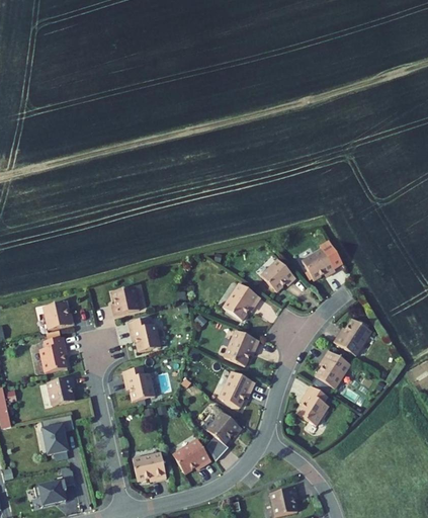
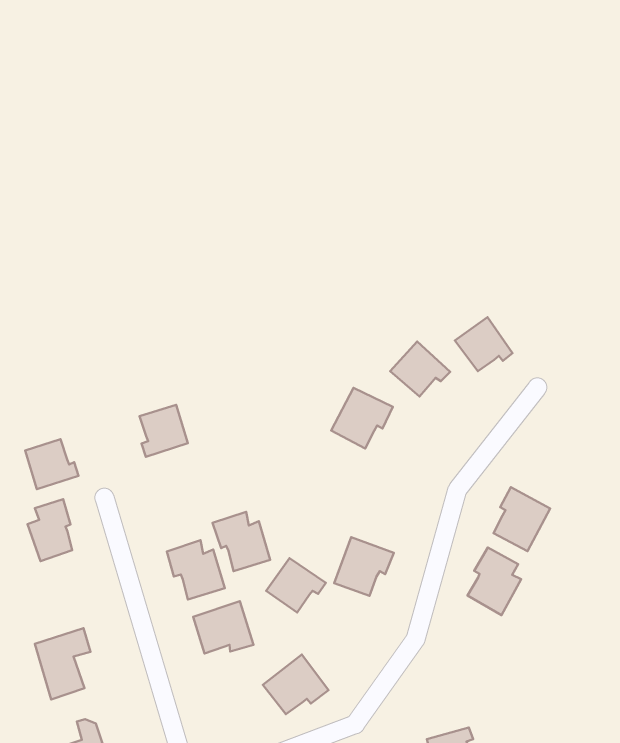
building: [127,317,160,351] -> [213,512,270,571]
building: [332,318,370,354] -> none
building: [224,330,259,365] -> none
building: [47,375,74,405] -> none
building: [206,412,242,444] -> [266,558,326,613]
building: [132,451,166,481] -> [193,601,254,654]

